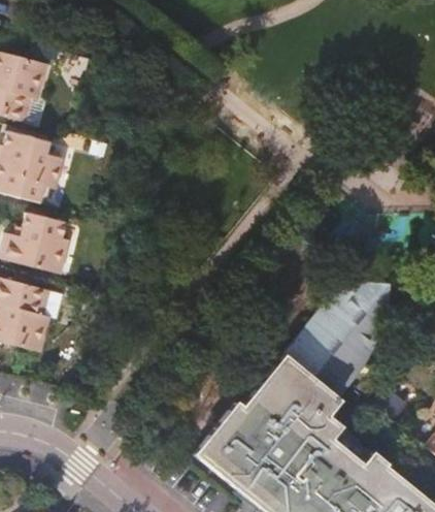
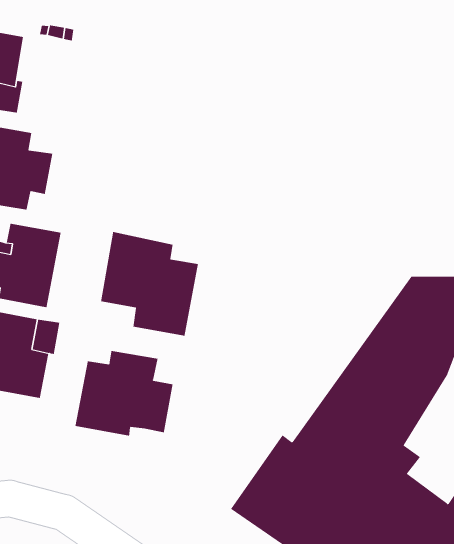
building: none -> [100,231,199,336]
building: none -> [75,350,173,436]

